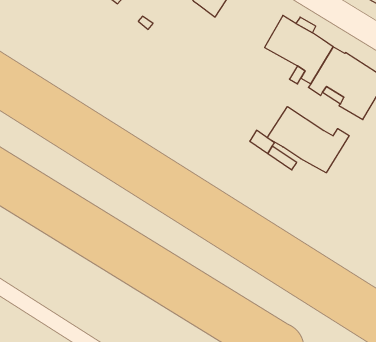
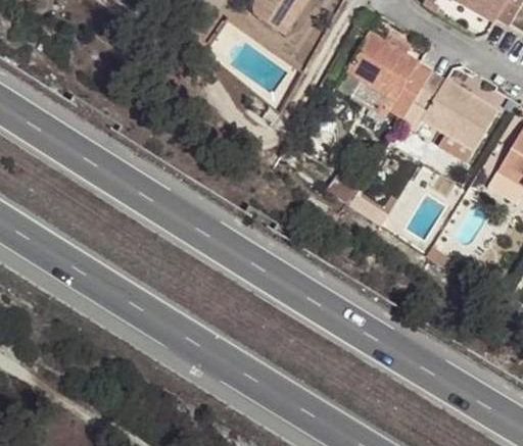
building: [267,107,349,173] -> none

